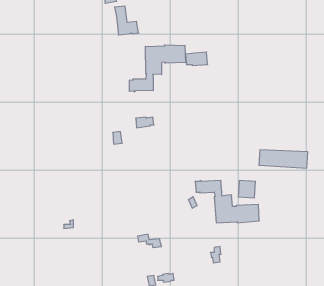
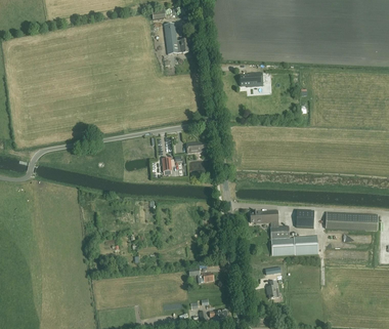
building: [129,45,185,92] -> none
building: [259,150,308,168] -> [326,212,378,232]

